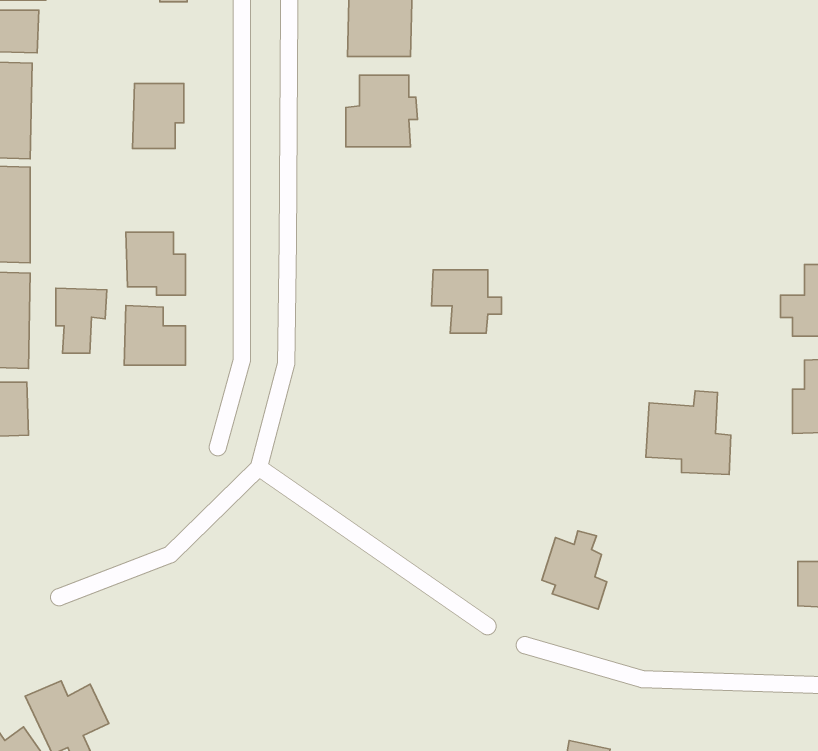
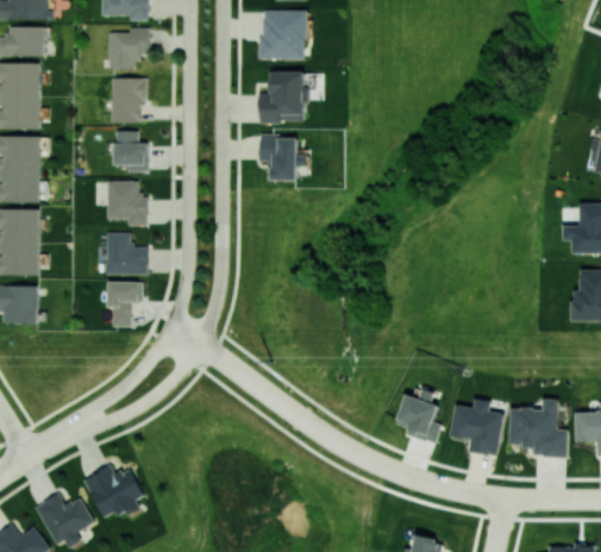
building: none -> [107,27,150,69]
building: none -> [114,131,148,171]
building: [432,270,501,333] -> [258,136,307,180]
building: [56,288,107,353] -> [107,281,143,326]
building: [646,391,731,474] -> [508,399,568,457]
building: none -> [449,399,505,456]
building: none -> [82,464,145,519]

